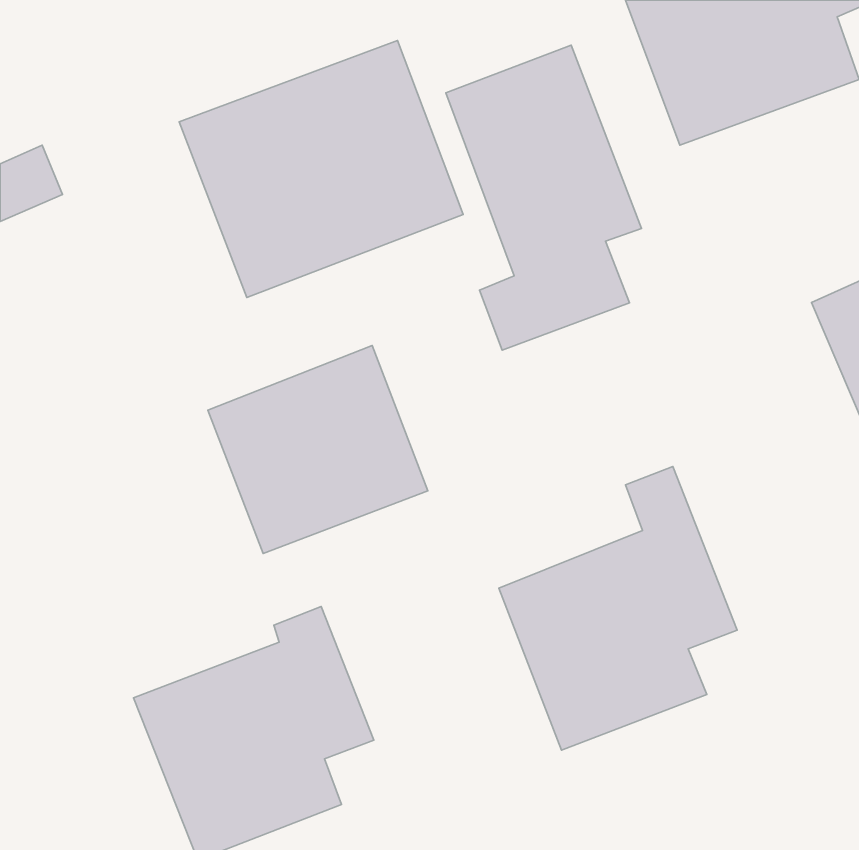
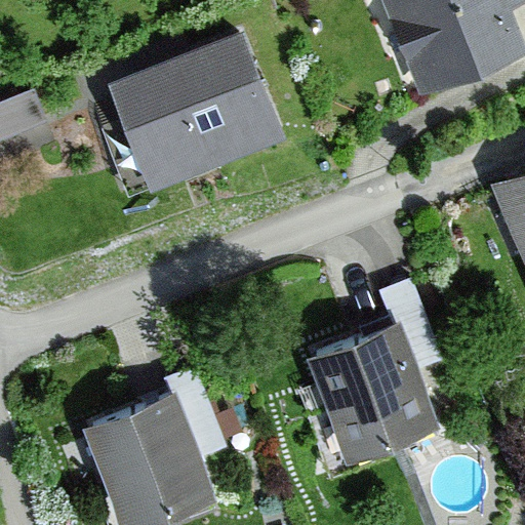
building: [446,45,642,350] -> none
building: [208,345,428,554] -> none

